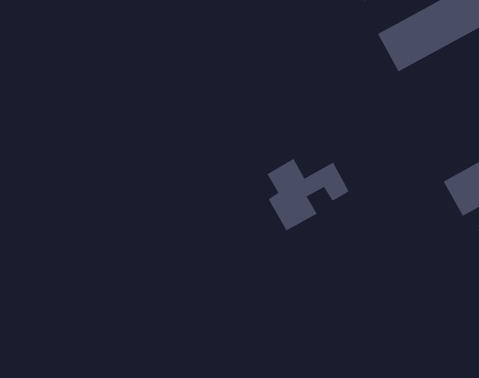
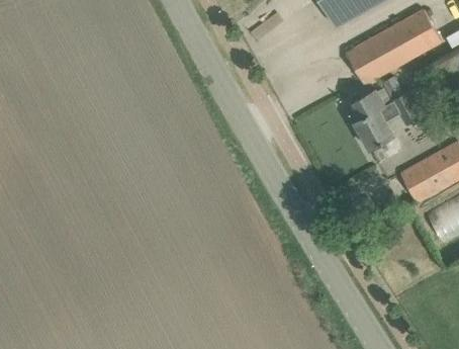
building: [266,158,350,231] -> [354,89,422,149]

